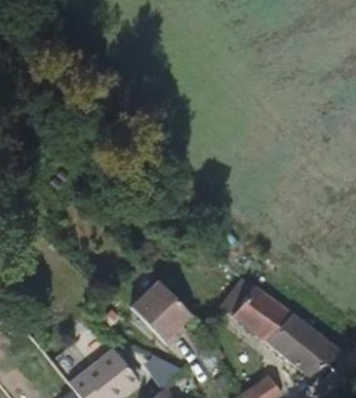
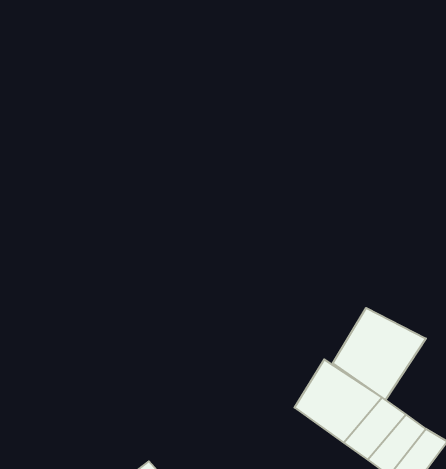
building: none -> [333,308,426,400]
building: [126,281,185,348] -> none

